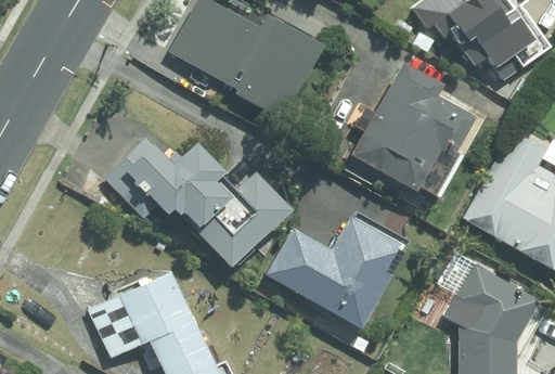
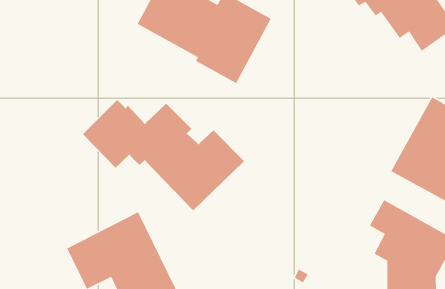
building: [347,62,479,197] -> none
building: [266,218,400,330] -> none

